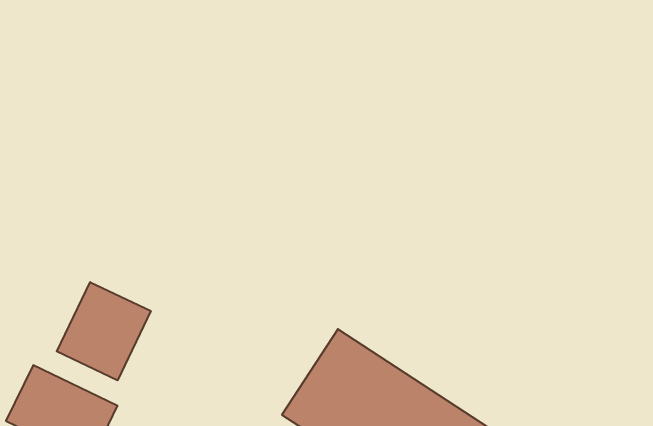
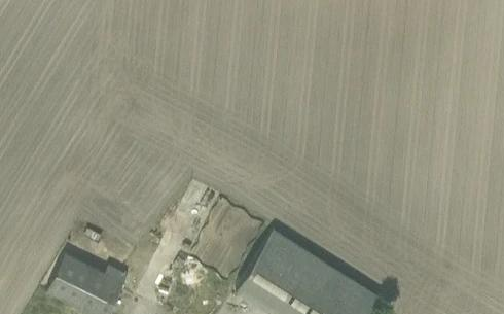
building: [57,282,151,380] -> none

